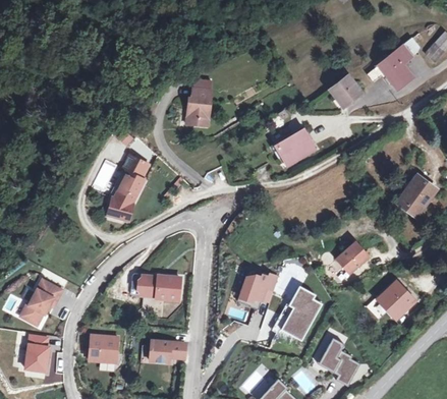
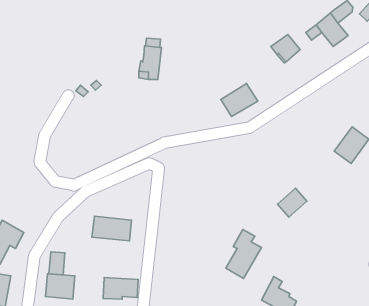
building: [109,155,149,220] -> none
building: [235,272,277,303] -> none
building: [379,282,414,318] -> none
building: none -> [49,252,65,275]

